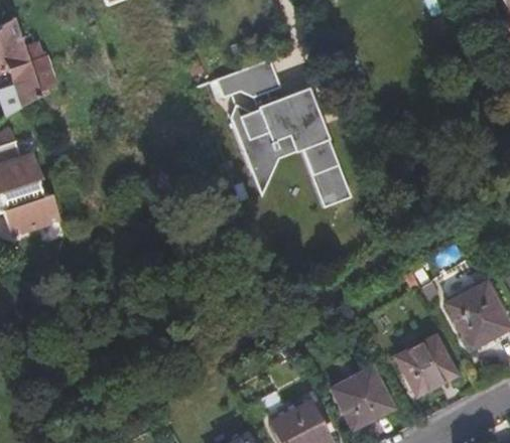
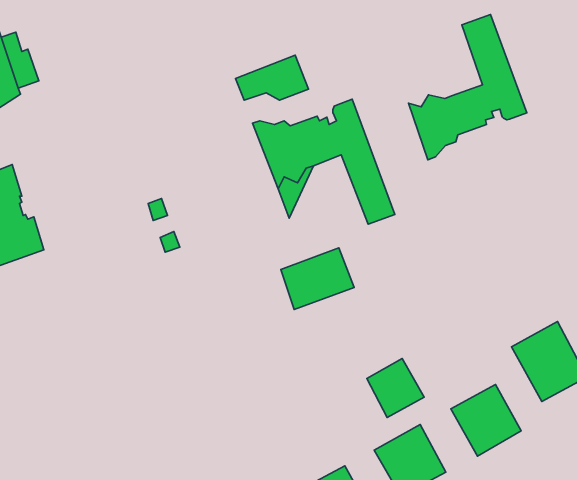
building: none -> [408,14,527,160]
building: none -> [281,248,354,310]
building: none -> [367,359,424,417]

